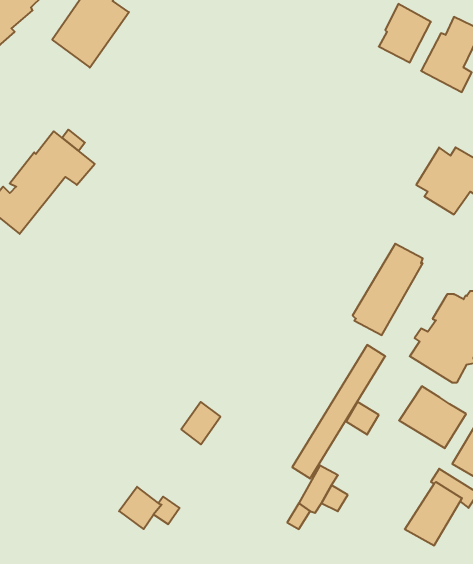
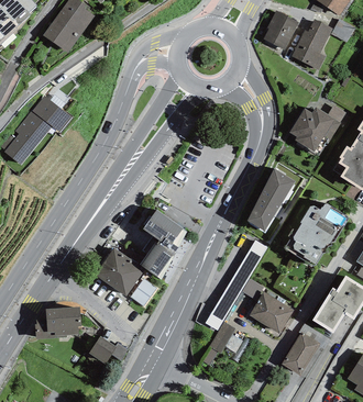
building: none -> [140,209,187,279]
building: none -> [95,247,142,295]
building: [399,386,466,448] -> [249,291,294,333]
building: none -> [35,305,81,338]

